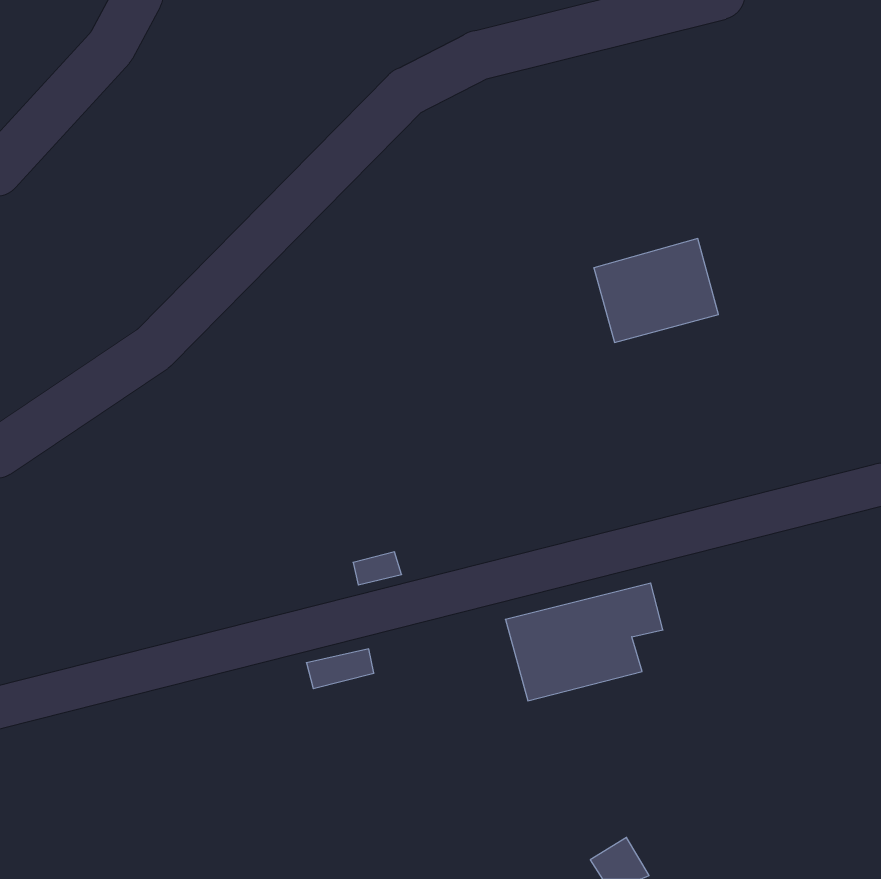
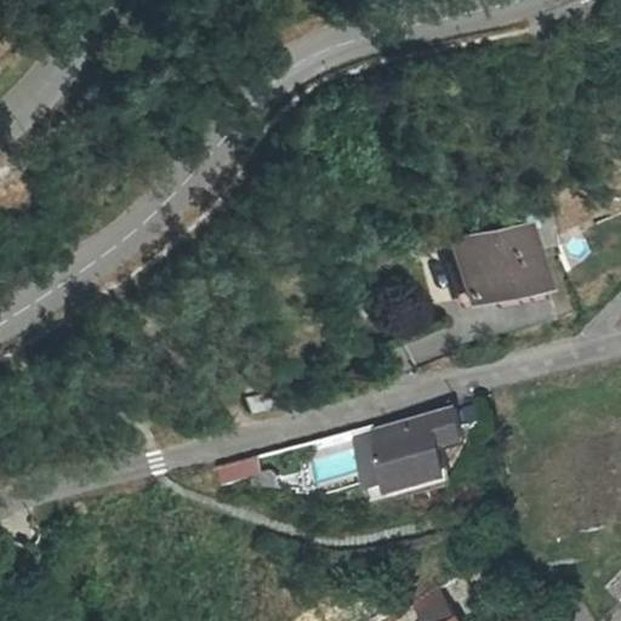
building: [594,239,718,342] -> [450,230,537,303]

